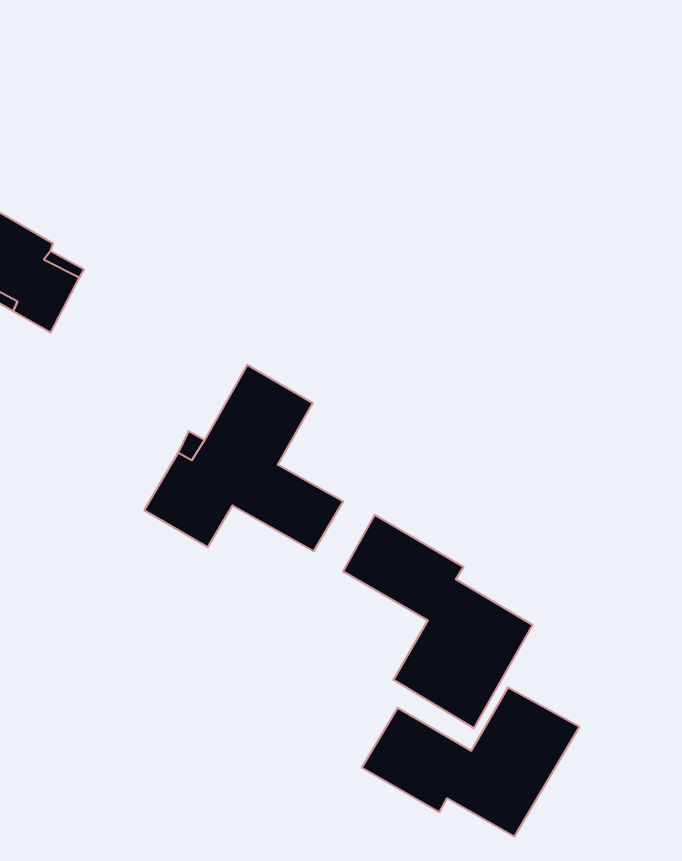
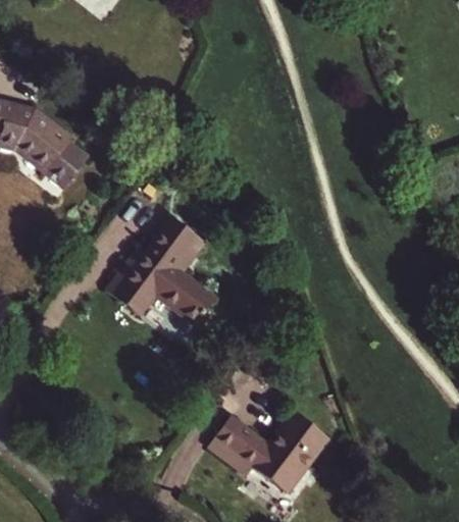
building: [343,515,532,728] -> none

